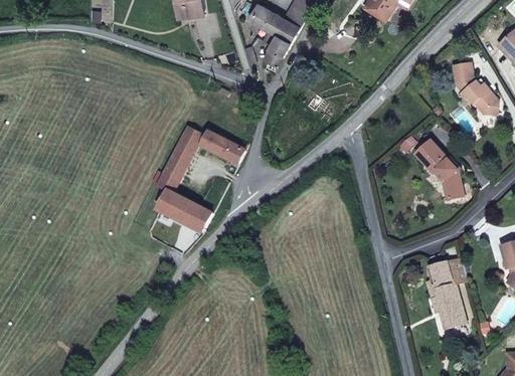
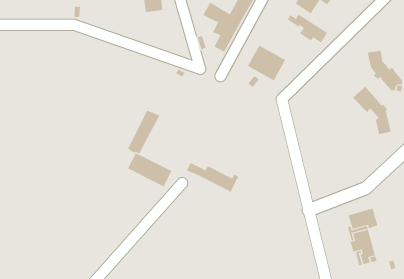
building: none -> [287,13,328,44]
building: none -> [247,45,286,81]
building: [182,127,247,164] -> [186,162,239,192]
building: [414,140,463,200] -> [352,86,392,135]

